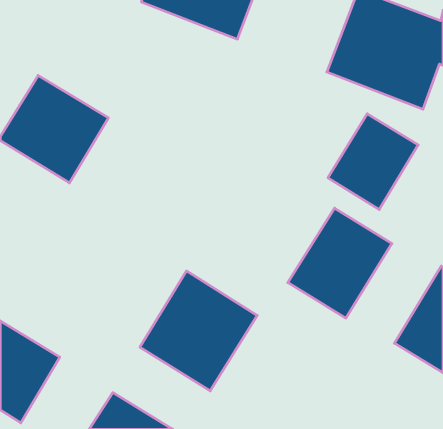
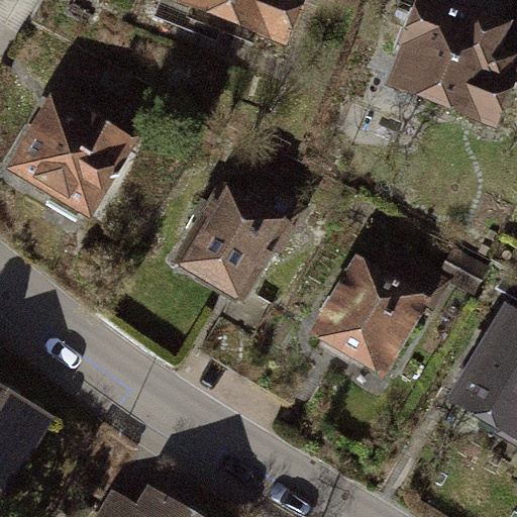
building: [328,114,418,210] -> none
building: none -> [176,185,292,304]
building: [140,271,257,391] -> none

